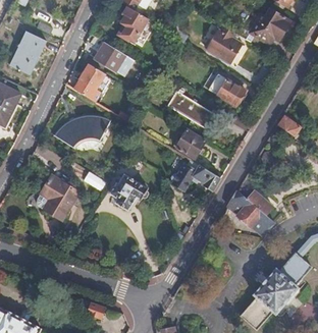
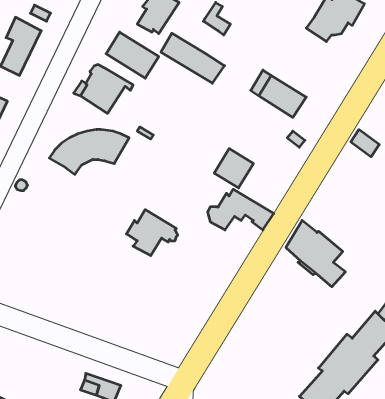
building: [208,24,245,63] -> none
building: [169,91,217,128] -> [161,33,225,83]
building: [34,175,78,220] -> none

